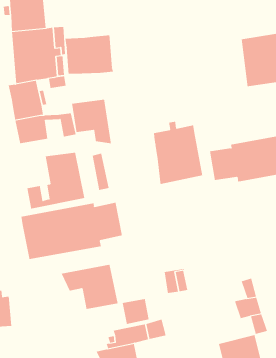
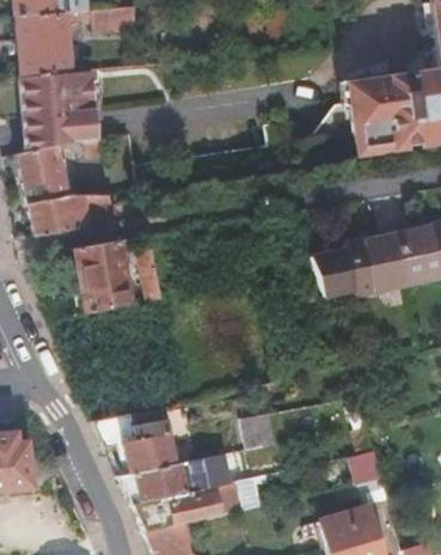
building: [65,35,113,75] -> none
building: [71,99,112,144] -> none
building: [153,121,203,185] -> none
building: [21,202,123,260] -> none
building: none -> [120,463,188,506]

